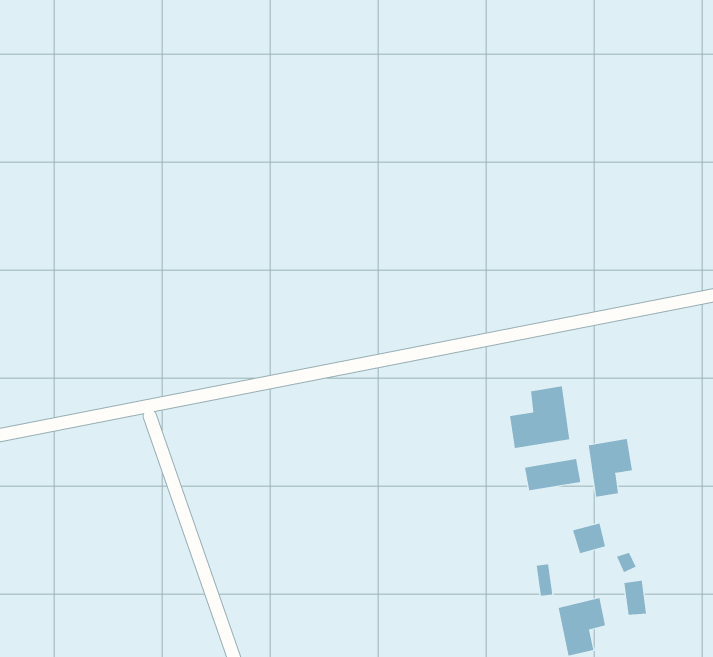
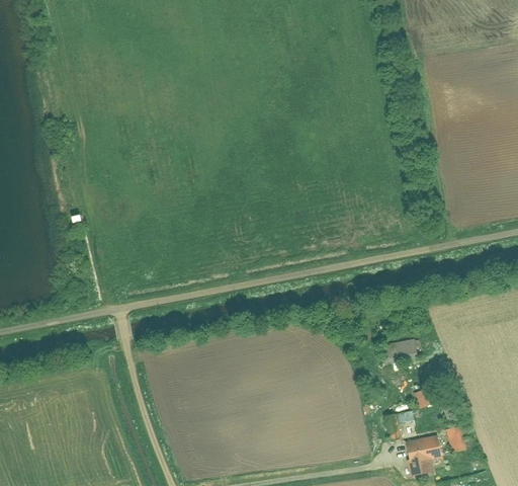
building: [509,386,570,449] -> none
building: [588,438,632,498] -> none

